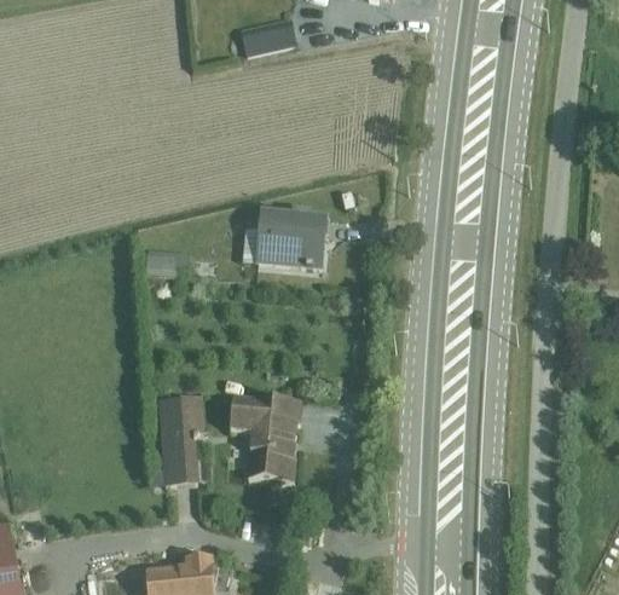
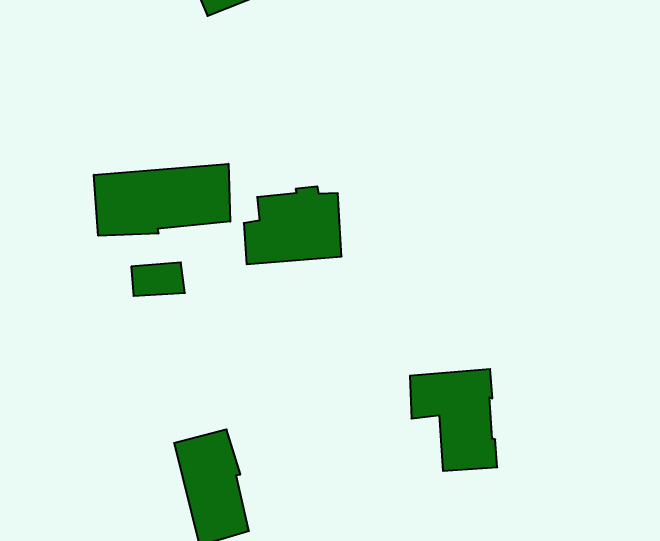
building: none -> [94,164,230,236]
building: [228,395,300,483] -> [410,369,497,471]

